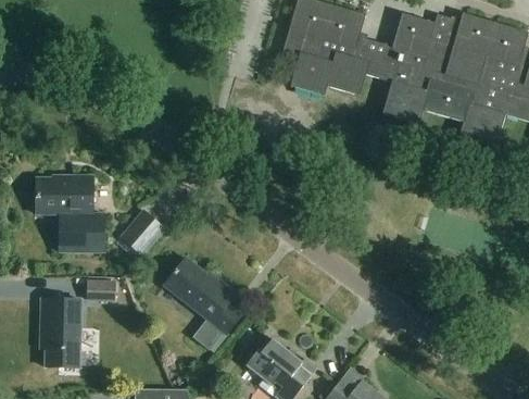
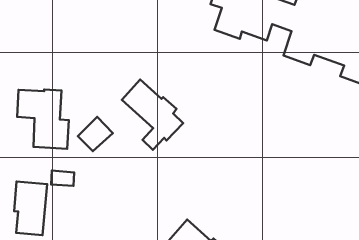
building: [165,257,248,348] -> [122,79,183,150]

